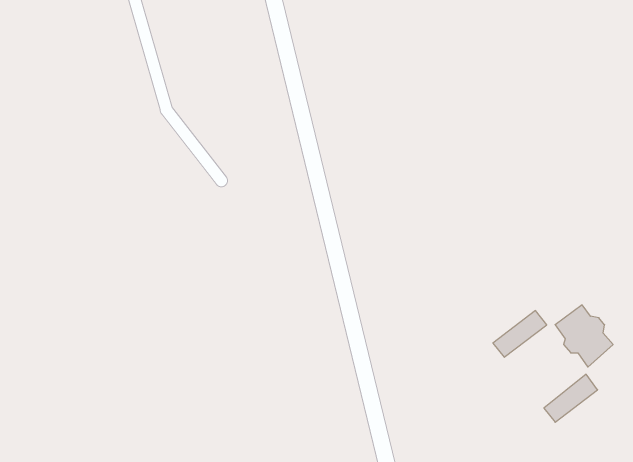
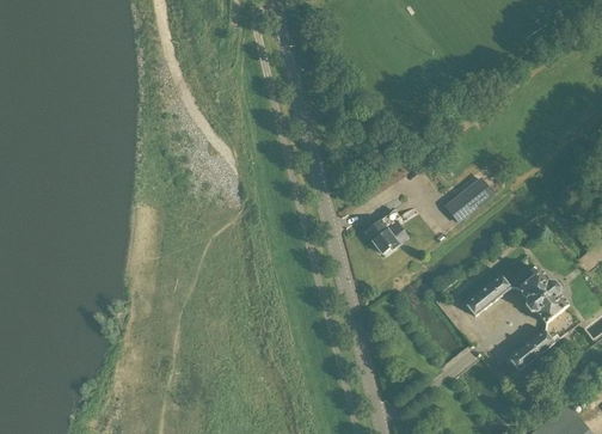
building: none -> [444,176,493,221]
building: none -> [363,218,406,251]

